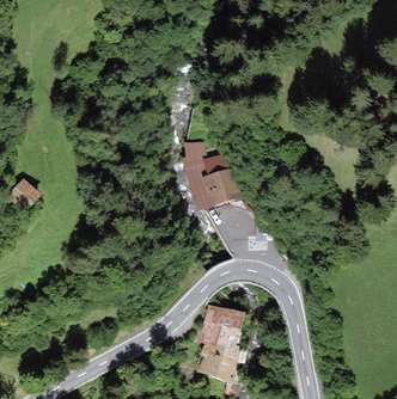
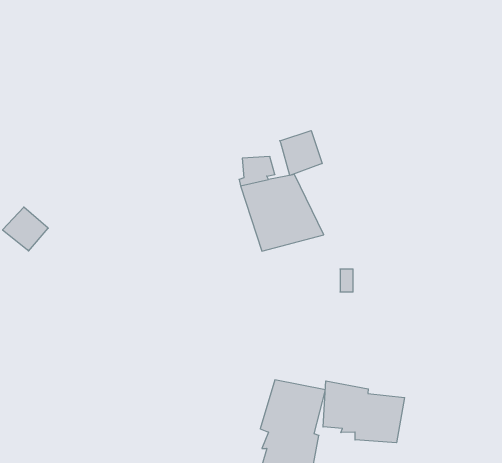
building: none -> [280,131,322,175]
building: none -> [323,381,405,443]

